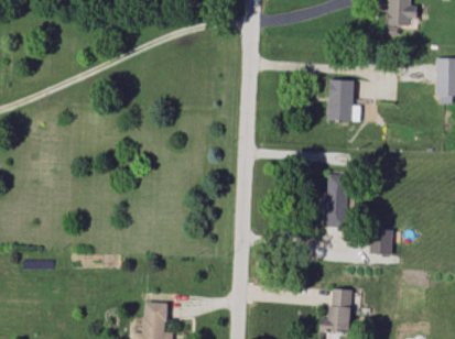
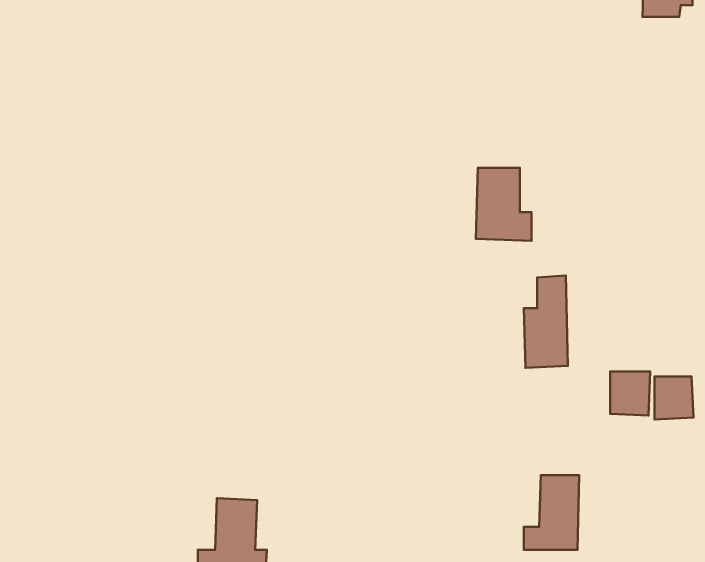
building: [327,79,359,121] -> [476,168,531,241]
building: none -> [654,376,693,419]

